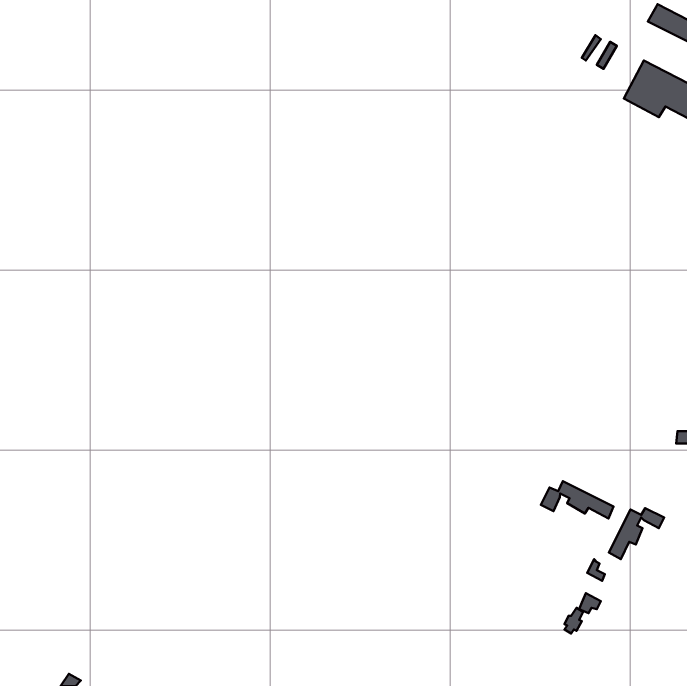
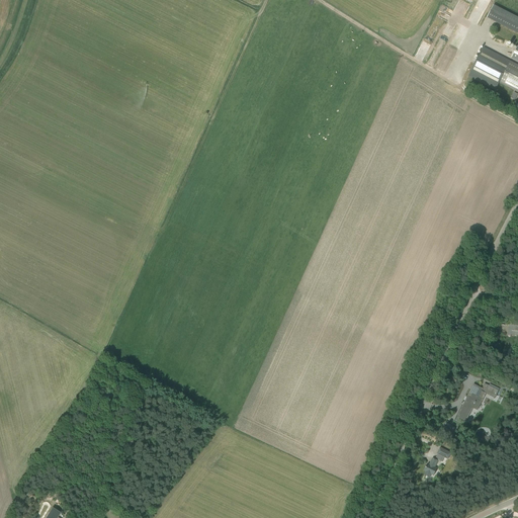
building: [541,481,614,518] -> none

